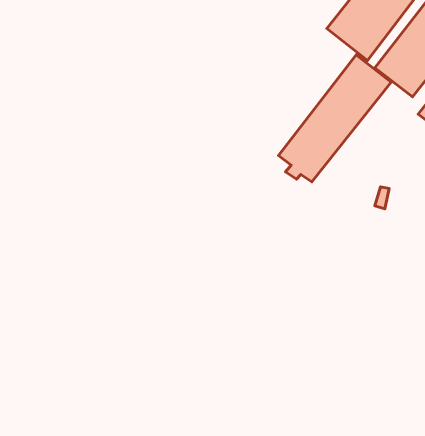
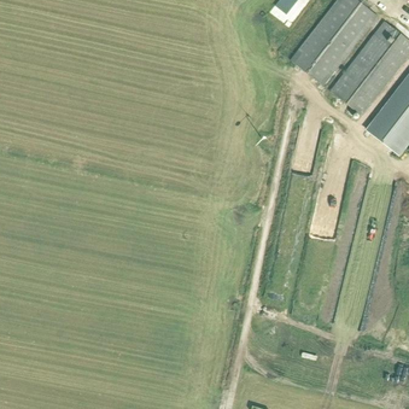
building: [278,55,391,182] -> none

